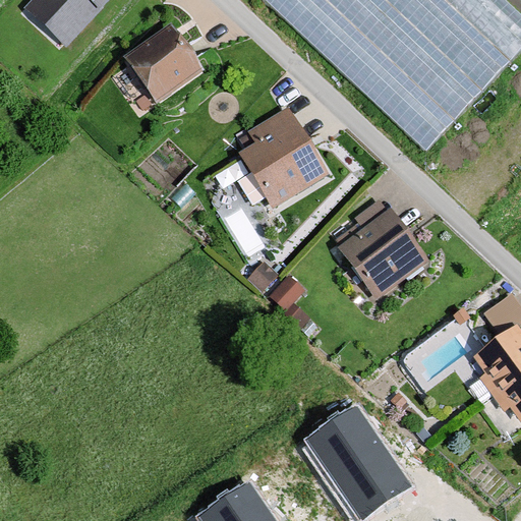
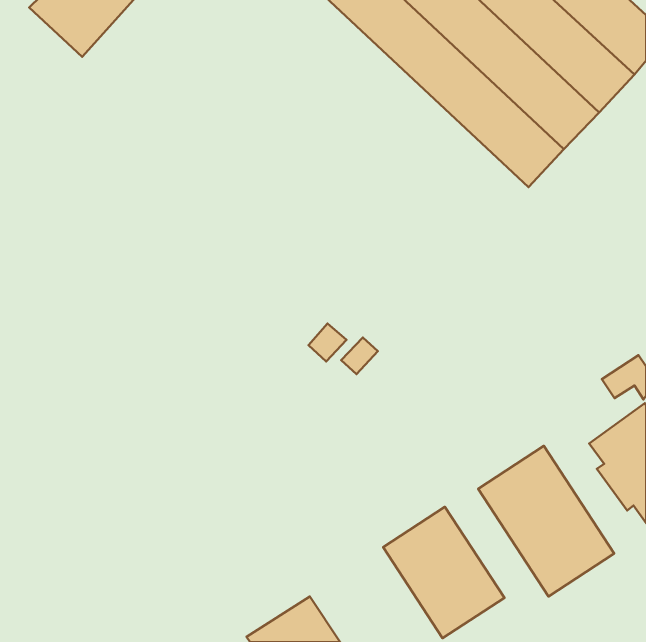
building: [124,22,204,102] -> none
building: [239,105,330,207] -> none
building: [339,207,430,299] -> none
building: none -> [478,446,614,596]

